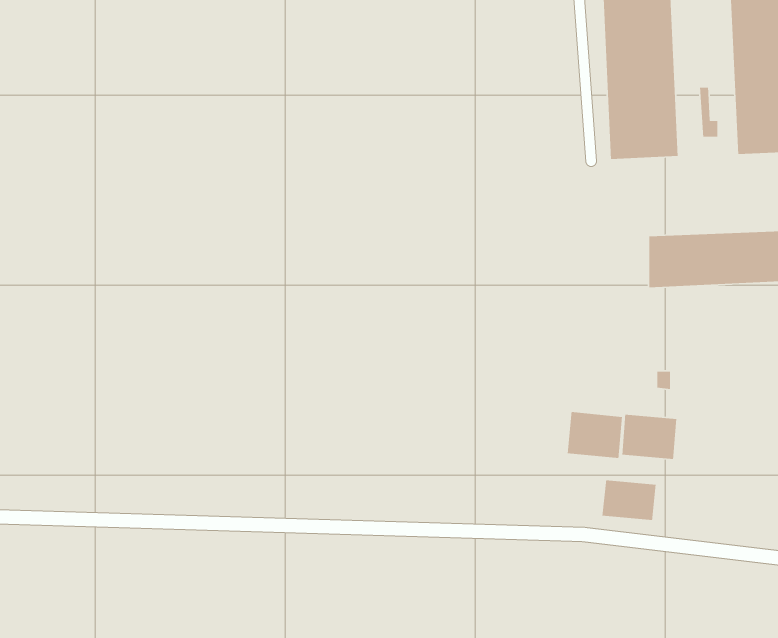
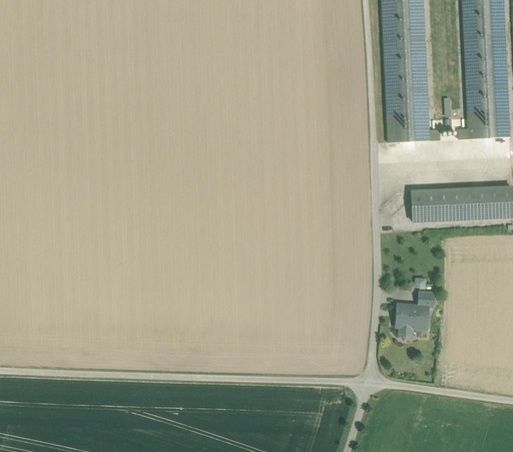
building: [567,411,623,459] -> none
building: [602,480,657,521] -> none

